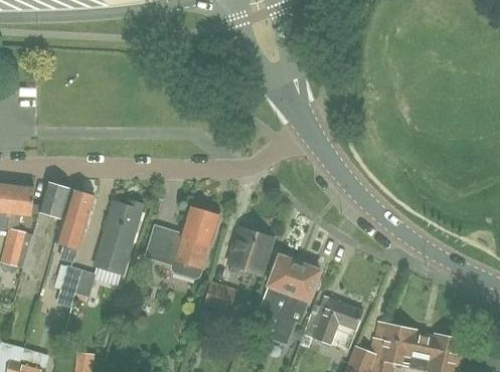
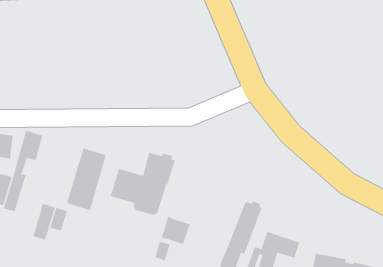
building: [54,188,93,259] -> none
building: [228,224,272,274] -> none
building: [254,251,299,330] -> none

